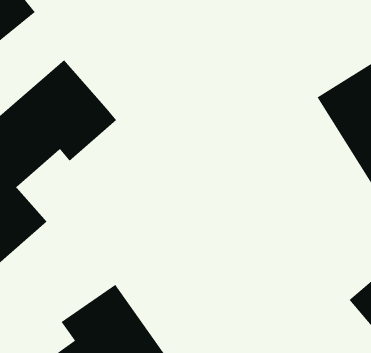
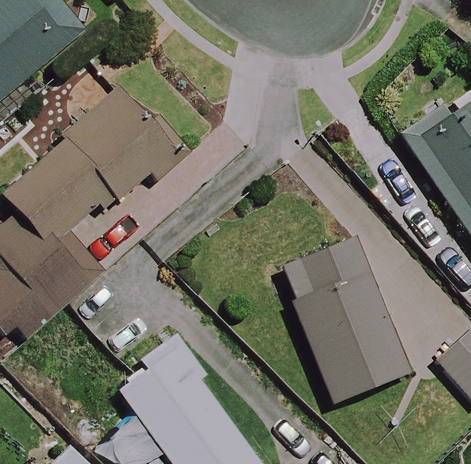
building: none -> [286,236,416,397]

